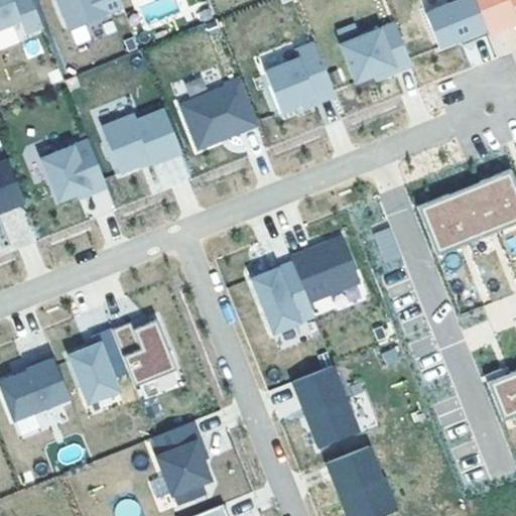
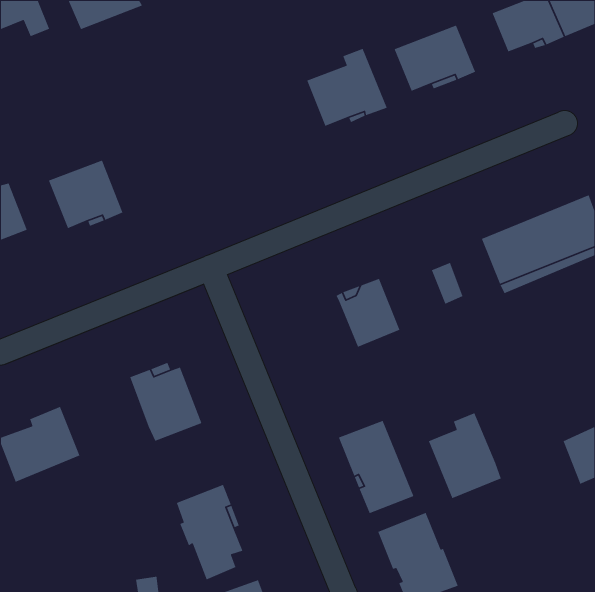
building: [179,80,259,149] -> none
building: [103,110,181,172] -> none
building: [250,262,314,334] -> none
building: [69,329,128,402] -> none
building: none -> [428,412,502,499]

